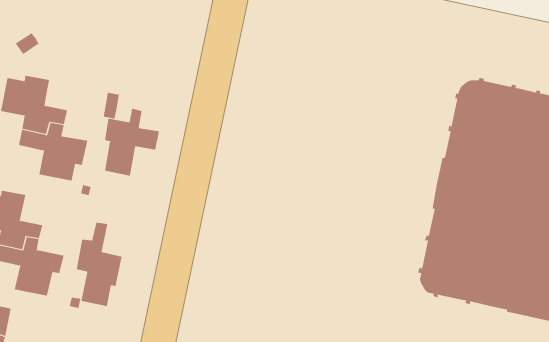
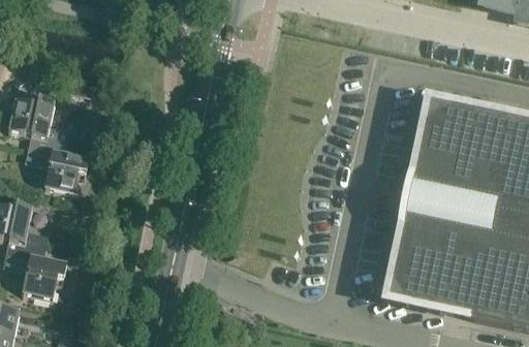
building: [104,108,159,176] -> none
building: [76,222,122,307] -> none

